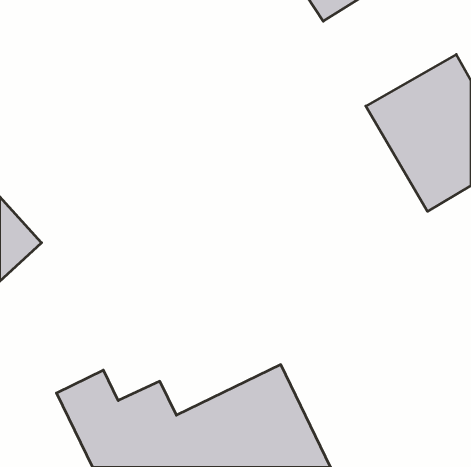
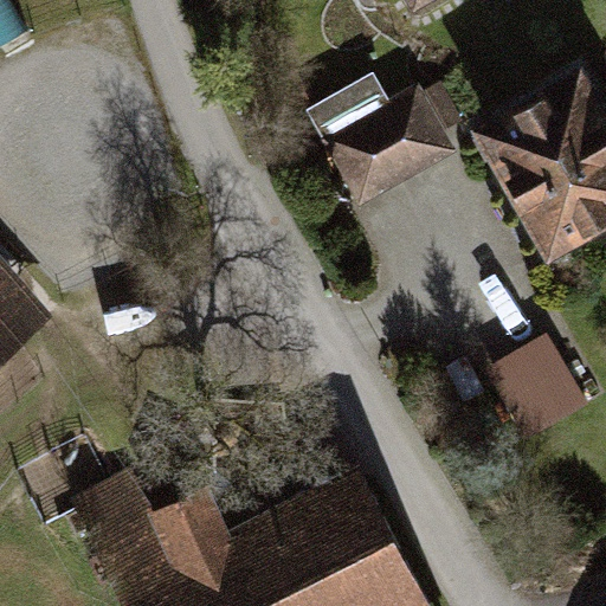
building: none -> [312,88,459,219]
building: none -> [490,325,585,425]

